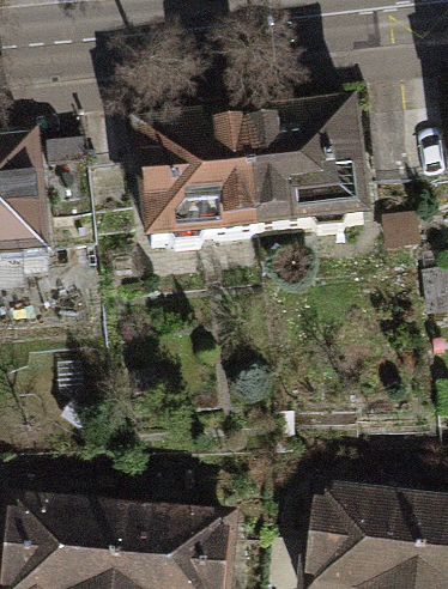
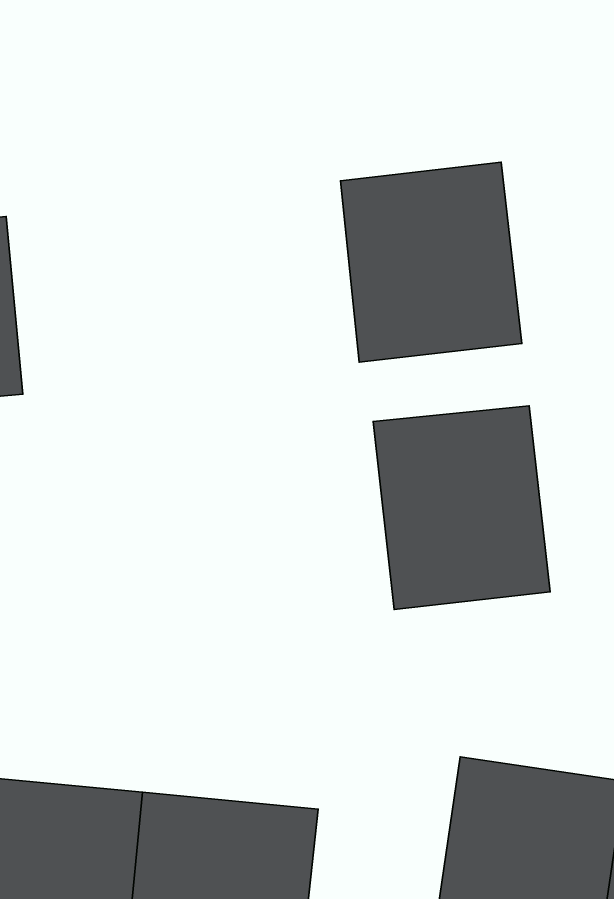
building: [140,116,256,243] -> none
building: none -> [373,406,550,610]

